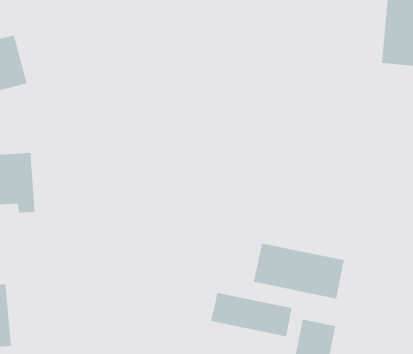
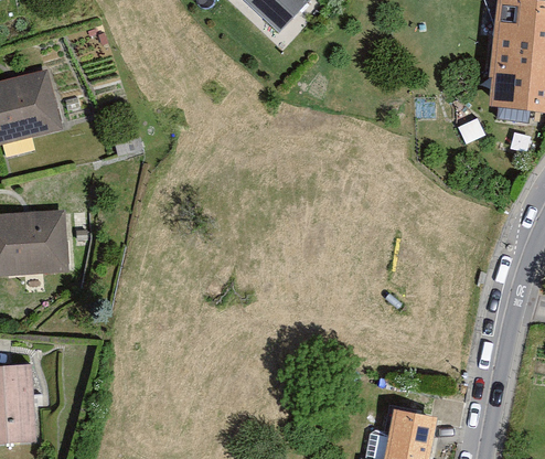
building: [253,243,344,299] -> none
building: [211,292,292,337] -> none

